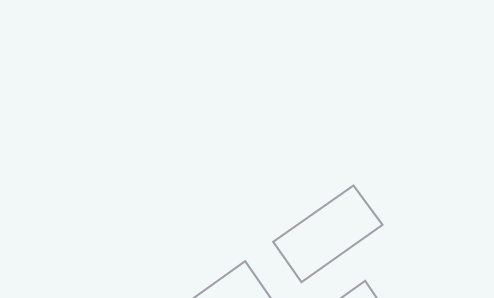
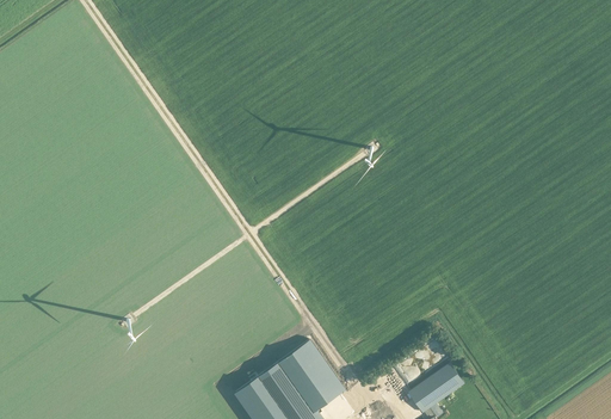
building: [273,186,382,282] -> none

